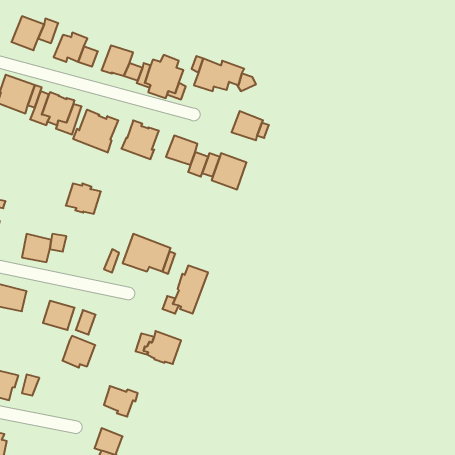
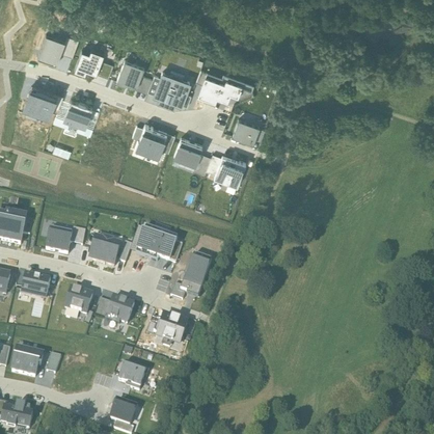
building: [73,110,118,153] -> none
building: [66,183,101,214] -> [89,237,120,264]
building: [62,336,95,368] -> [105,294,134,322]

